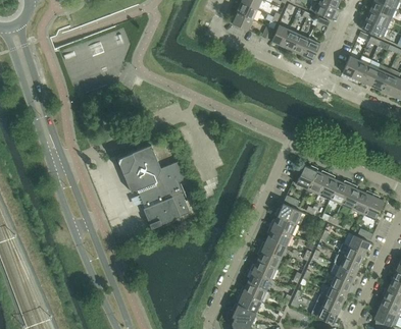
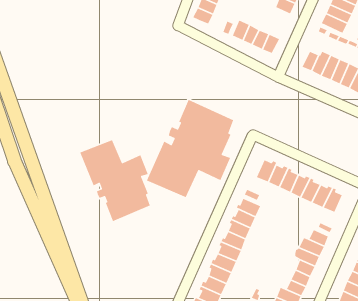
building: none -> [146,99,234,198]

